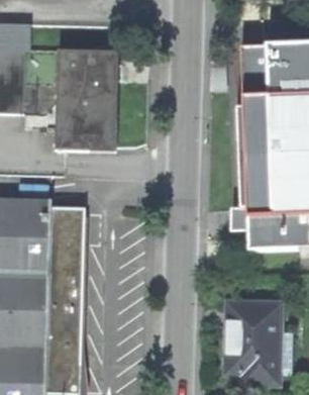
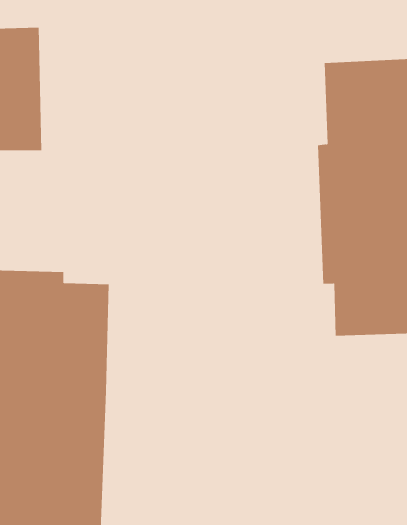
building: [58,48,120,154] -> none
building: [228,303,281,382] -> none

